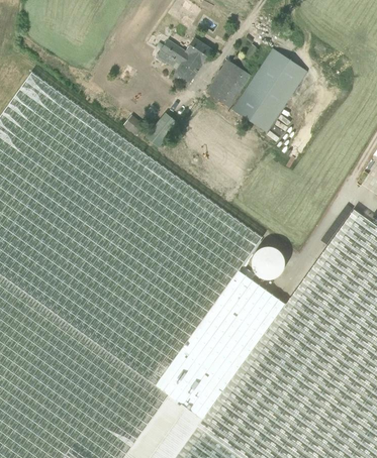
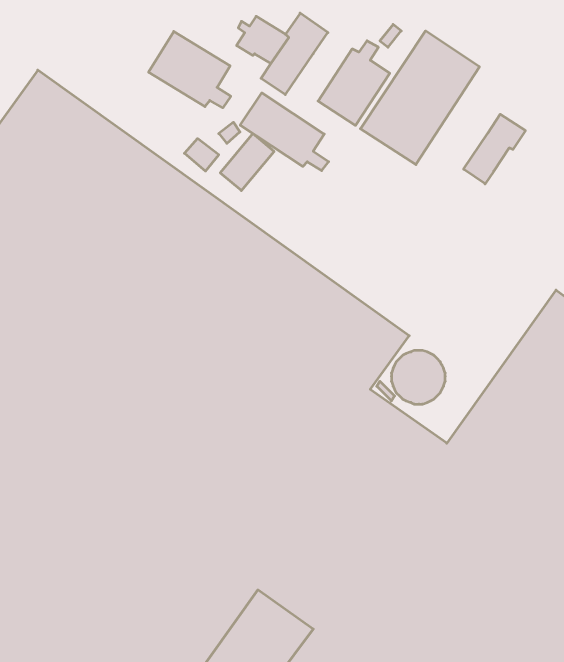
building: none -> [149,31,231,108]
building: none -> [240,93,329,171]
building: none -> [464,114,525,184]

